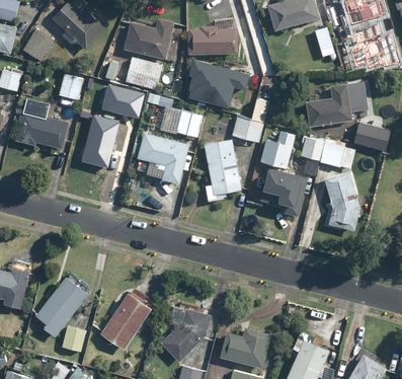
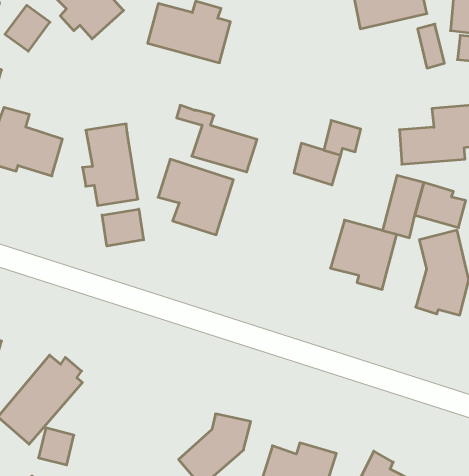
building: [190,28,236,54] -> none
building: [125,57,163,90] -> none
building: [188,58,253,106] -> none
building: [59,73,82,99] -> none
building: [112,89,143,120] -> none
building: [260,129,295,168] -> none
building: [204,139,242,196] -> none
building: none -> [102,209,144,246]
building: [101,289,156,350] -> none

